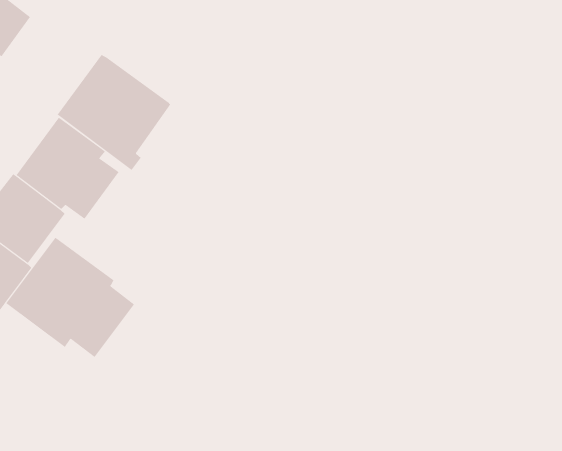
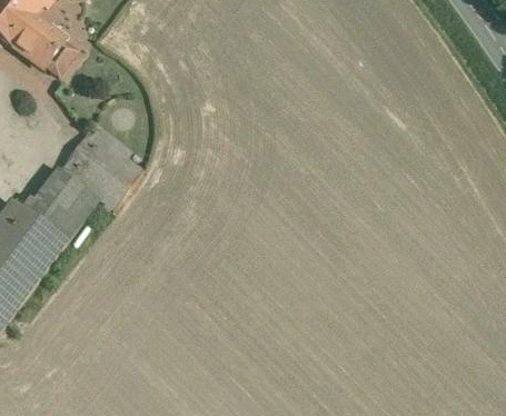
building: [57,54,171,171] -> none
building: [6,237,135,358] -> none

